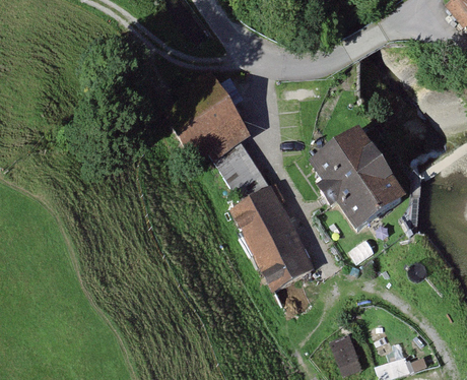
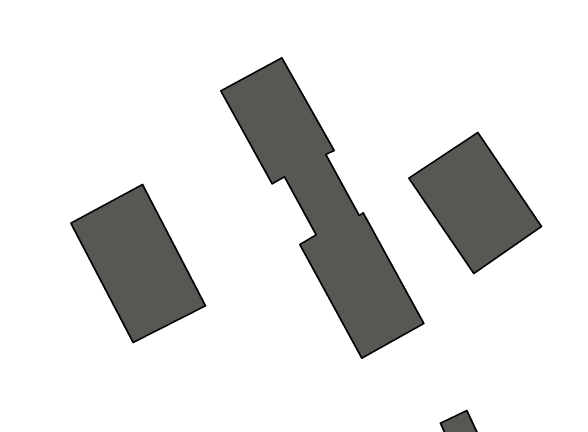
building: none -> [71,184,205,342]

